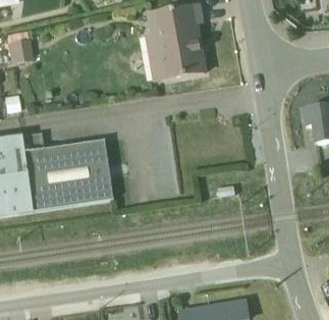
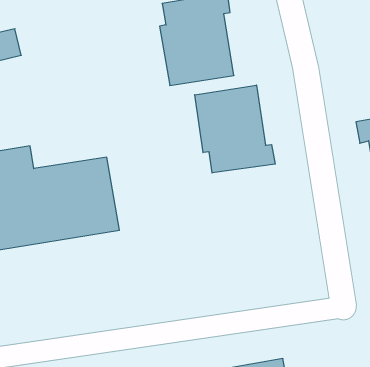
building: none -> [195,85,275,173]

